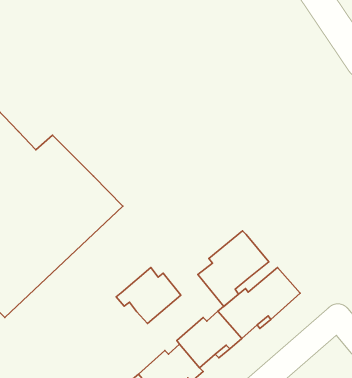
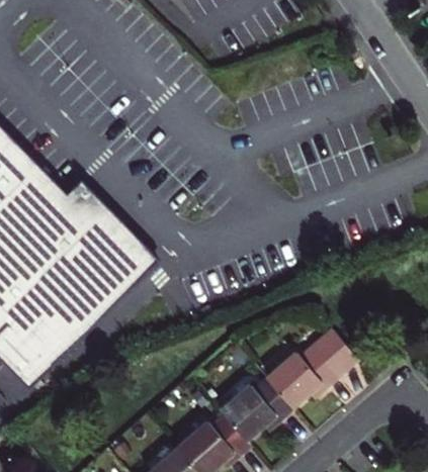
building: [198,231,269,306] -> none
building: [116,268,181,324] -> none

